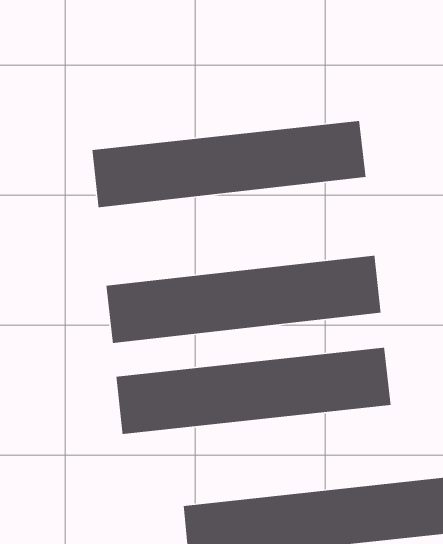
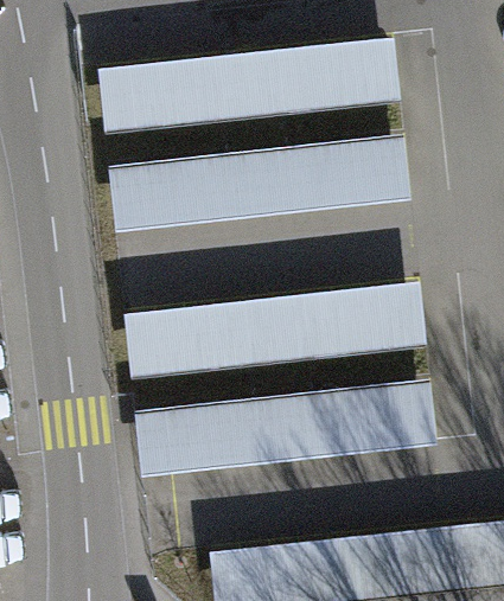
building: none -> [98,36,400,133]

